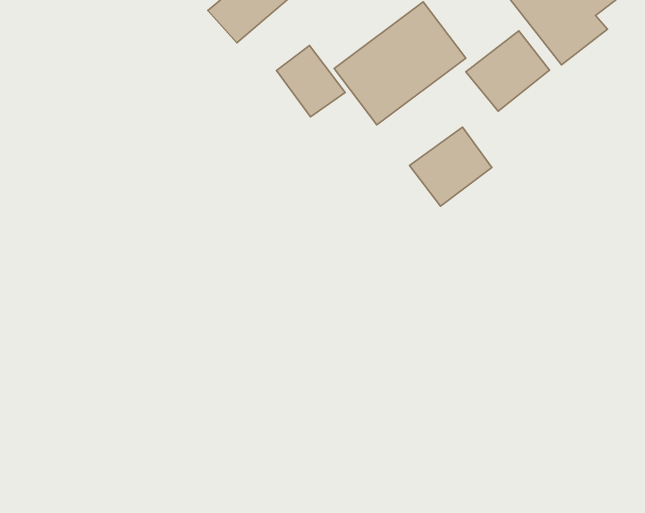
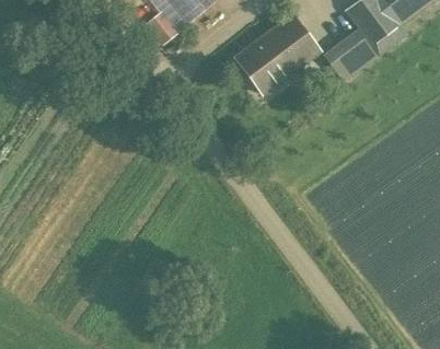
building: [276,46,345,117] -> none
building: [409,127,492,206] -> none

